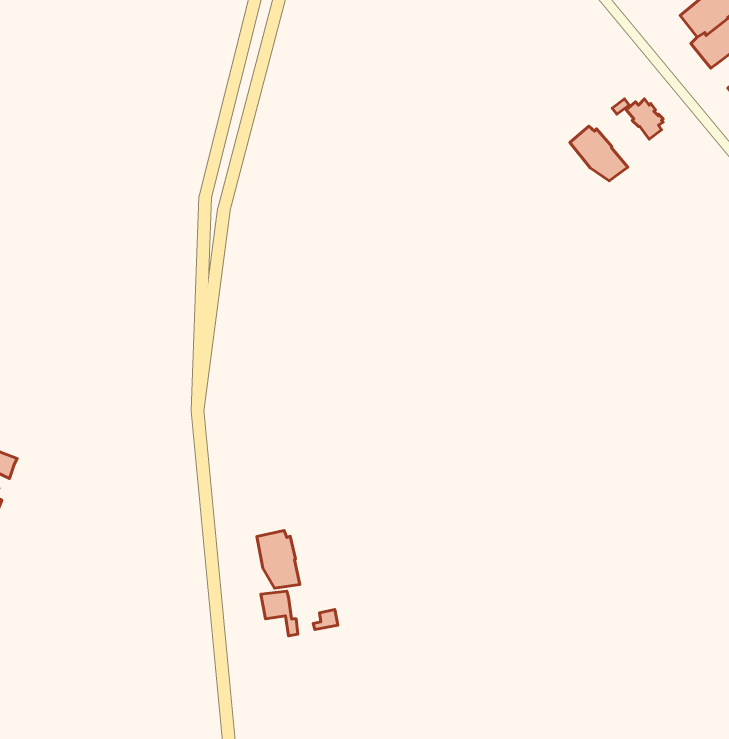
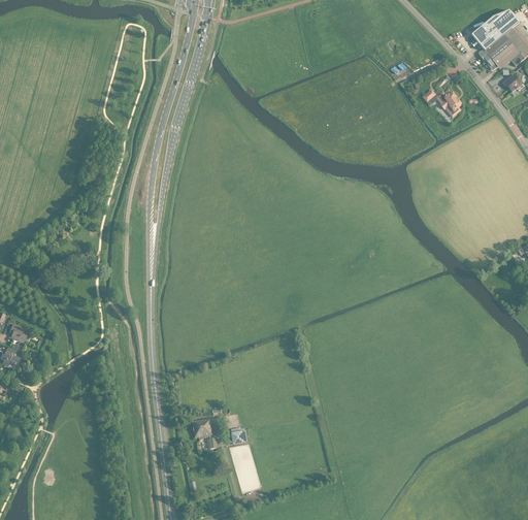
building: [570,126,628,181] -> none
building: [257,530,300,588] -> none

